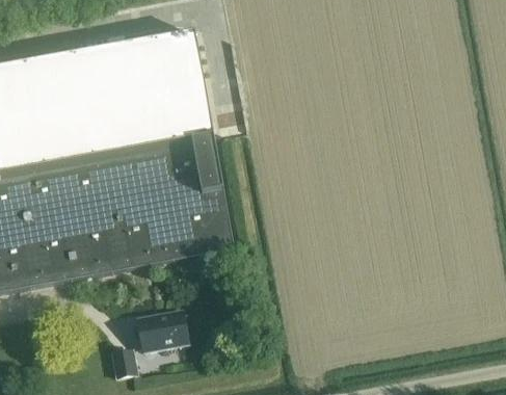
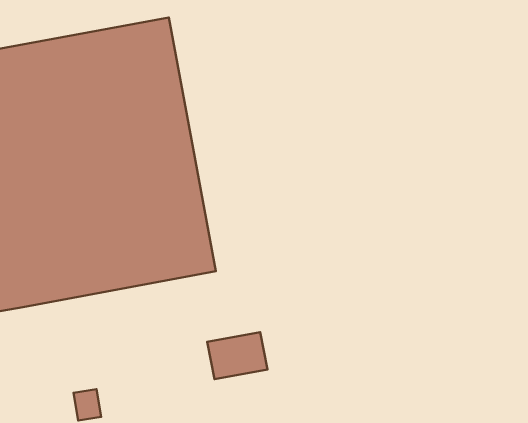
building: [135,311,187,351] -> [207,332,267,379]

